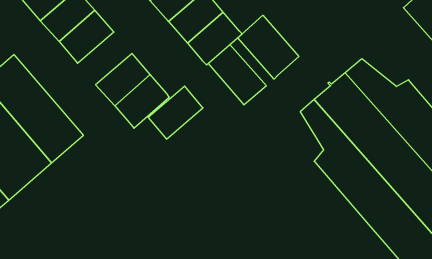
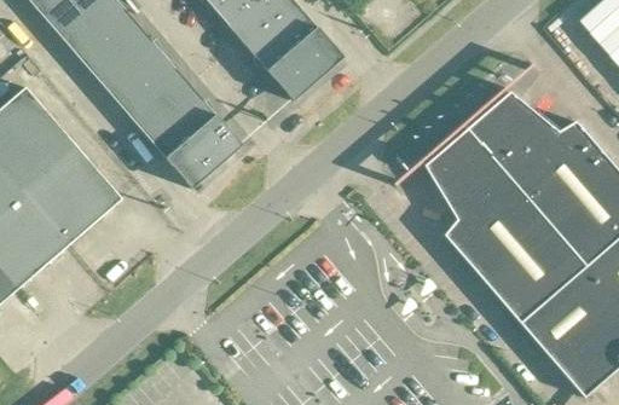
building: [238,15,299,79] -> none
building: [209,44,266,105] -> none
building: [148,86,203,139] -> [114,54,190,128]

